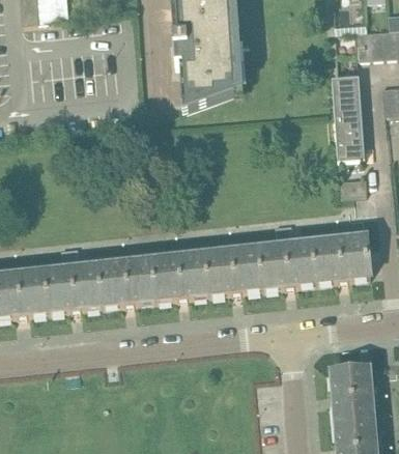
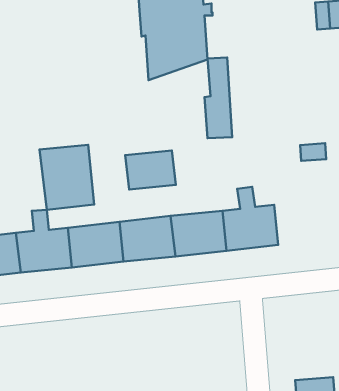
building: [335,76,364,160] -> [204,57,232,138]
building: none -> [40,145,94,210]
building: none -> [125,151,176,190]
building: [313,235,370,282] -> none
building: [331,367,374,423] -> none

